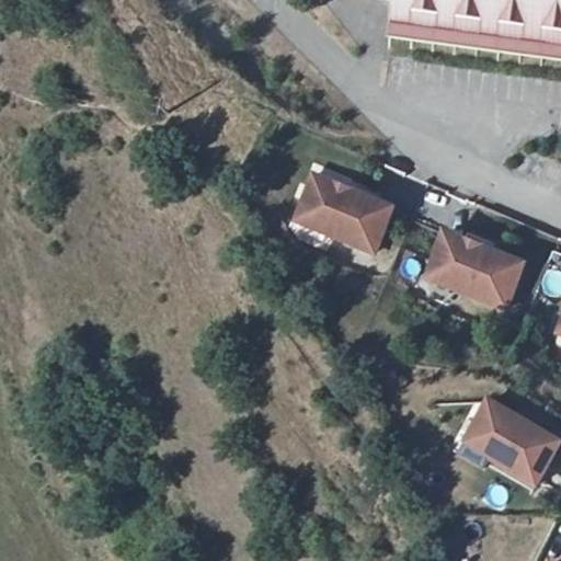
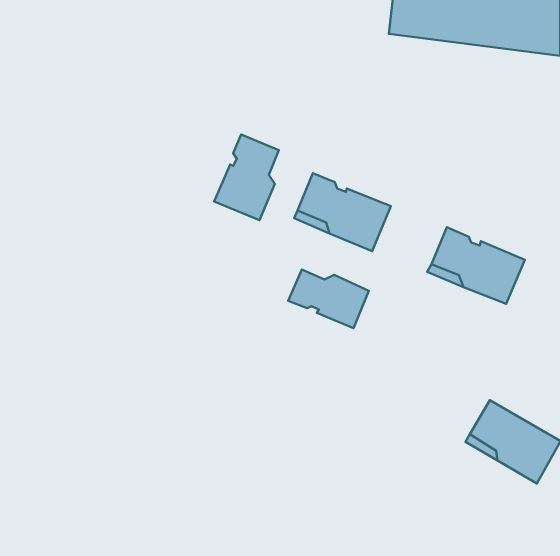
building: none -> [214,135,279,220]
building: none -> [288,270,369,328]

